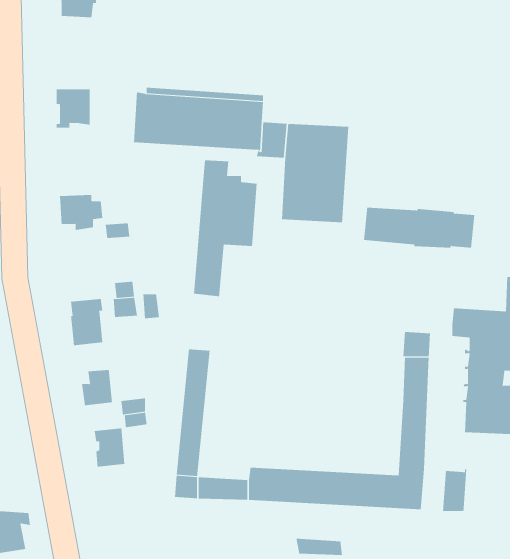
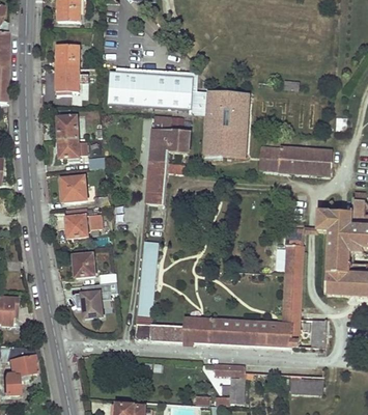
building: none -> [57,45,80,68]
building: none -> [58,115,81,139]
building: none -> [62,175,87,201]

